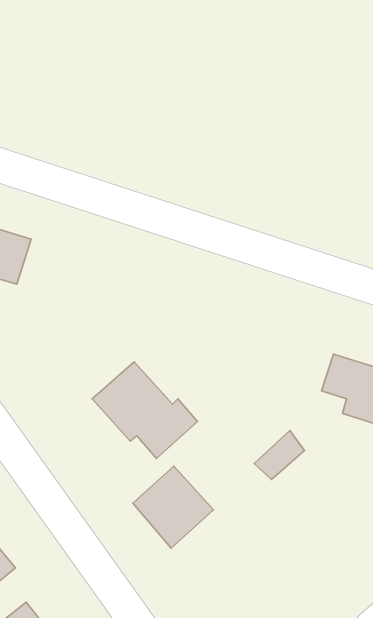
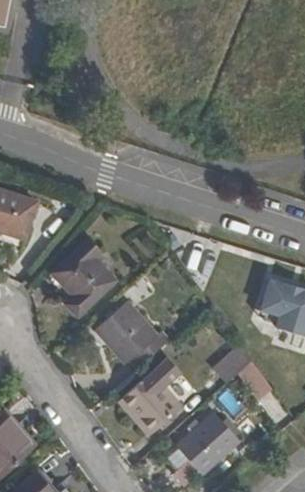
building: none -> [49,234,114,310]
building: none -> [175,412,238,474]

